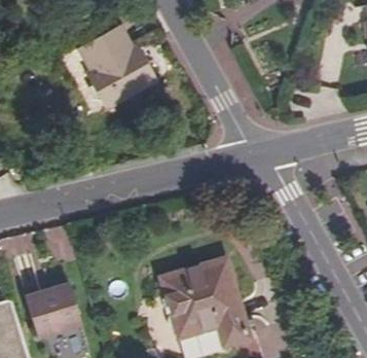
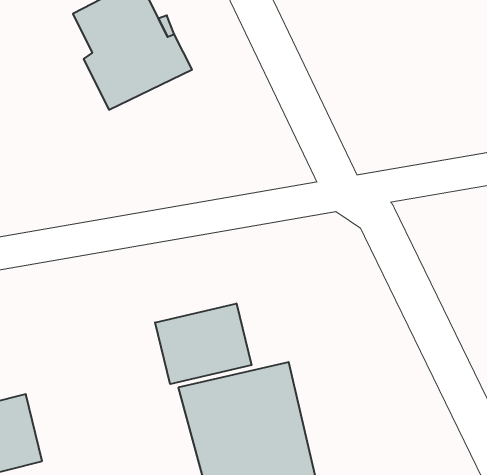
building: none -> [155,303,252,384]

